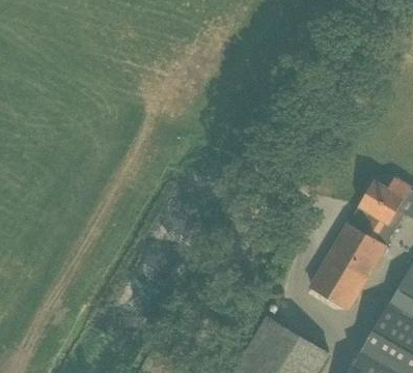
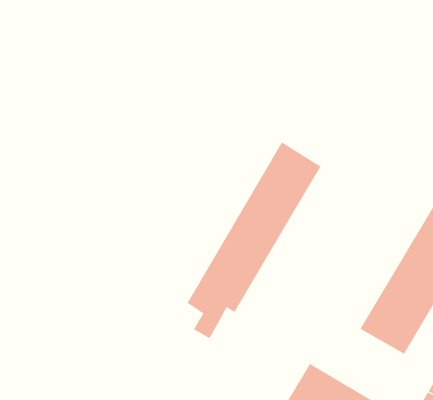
building: none -> [187,142,321,339]

